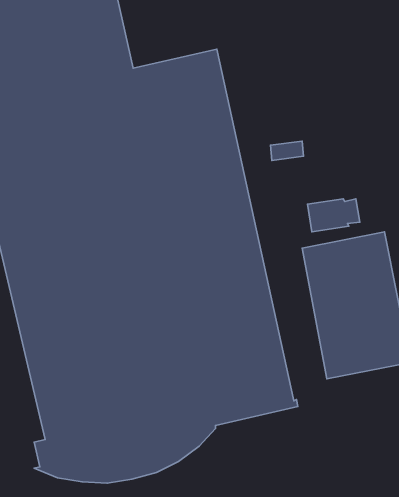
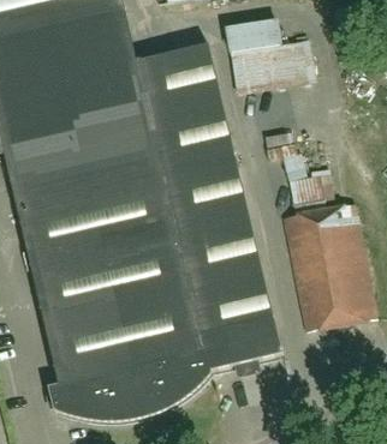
building: none -> [225,17,315,95]

